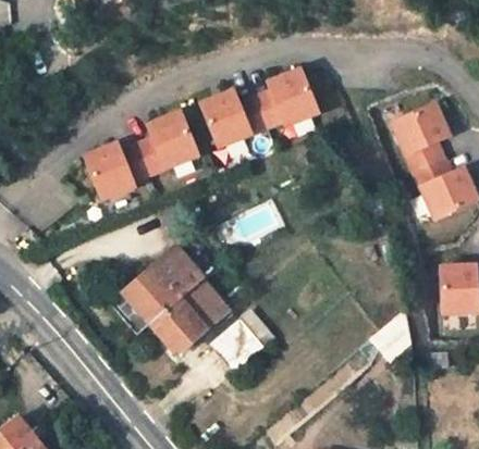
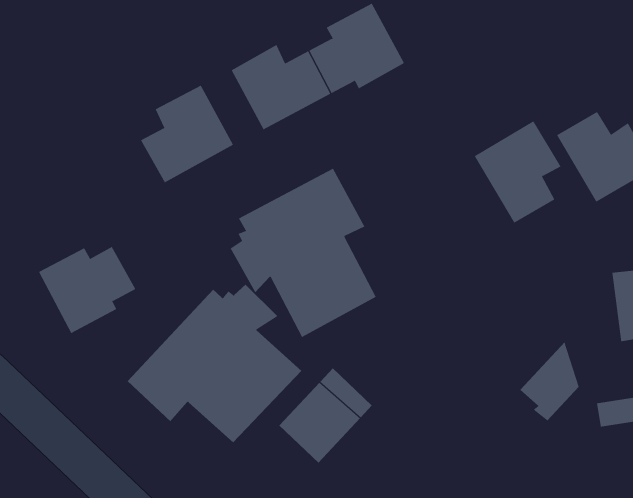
building: [392,103,450,171] -> [474,120,561,224]
building: [85,144,149,200] -> [38,246,136,334]
building: none -> [230,168,376,338]

